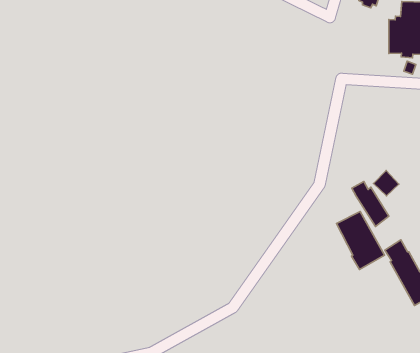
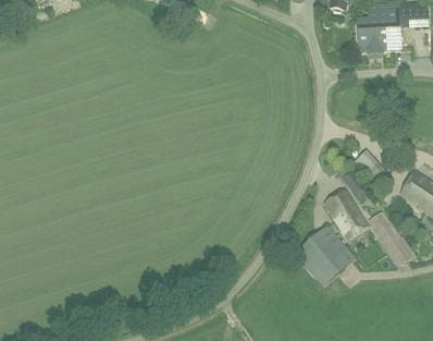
building: none -> [295,224,356,285]

